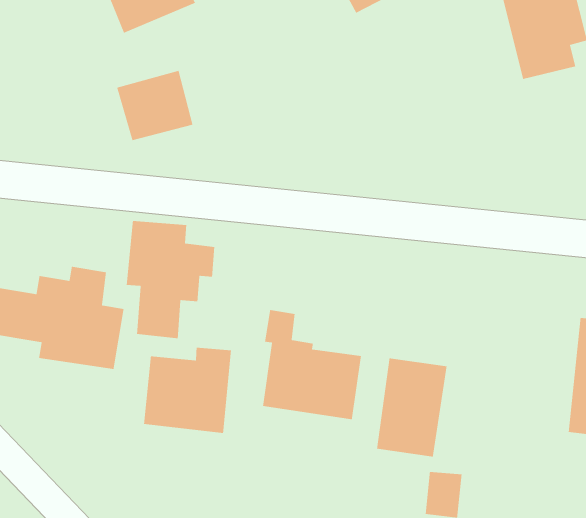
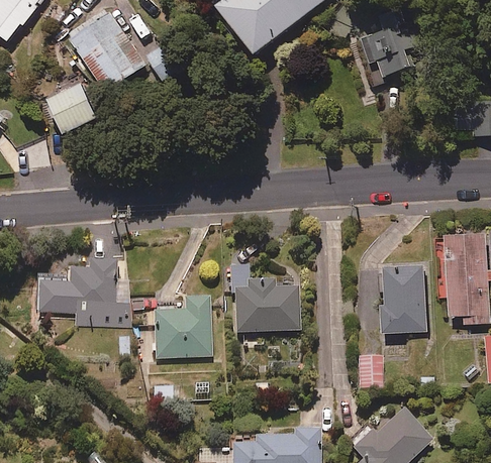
building: [116,70,193,141] -> [37,78,95,132]
building: [126,220,215,339] -> none
building: [376,357,448,457] -> [385,266,427,332]

